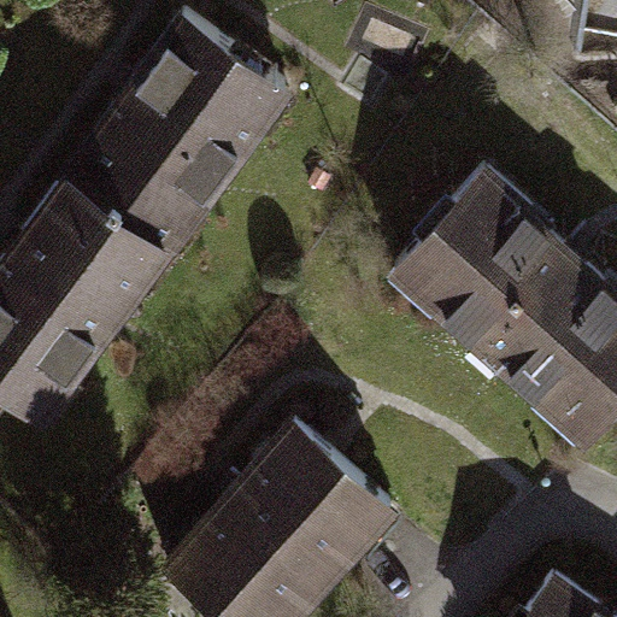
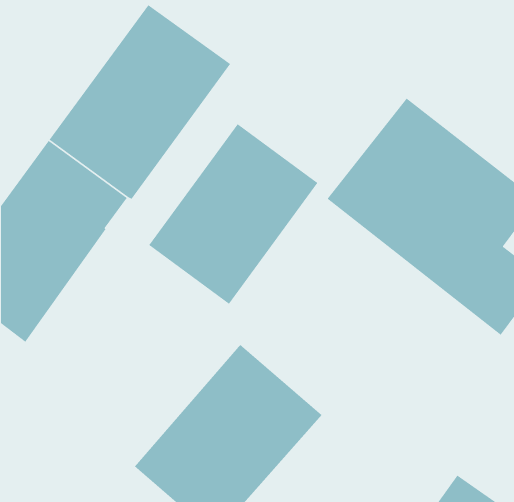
building: none -> [148,123,318,305]

